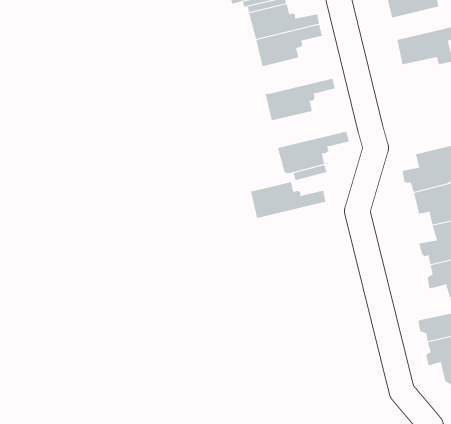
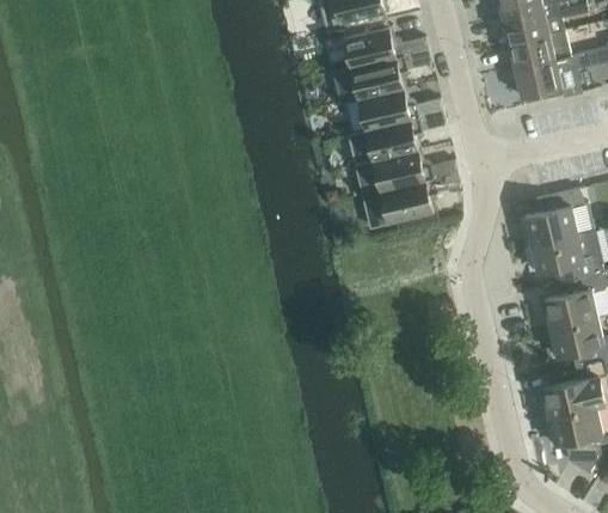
building: none -> [506,30,567,68]
building: none -> [357,87,440,130]
building: [250,181,326,218] -> [368,149,455,193]

